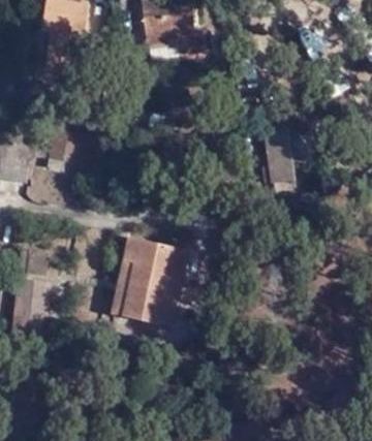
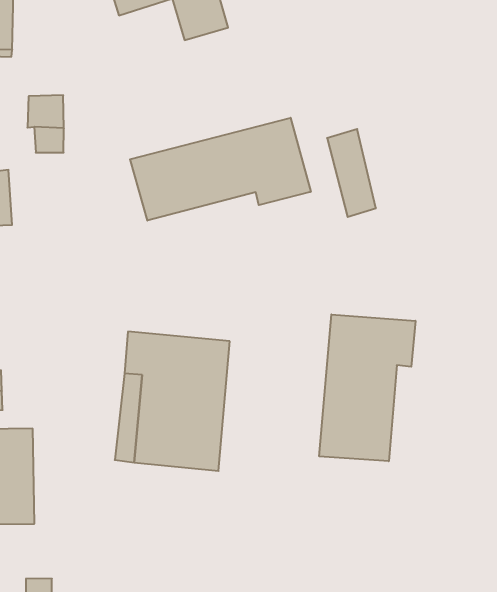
building: none -> [130,118,311,221]
building: none -> [319,314,415,461]

